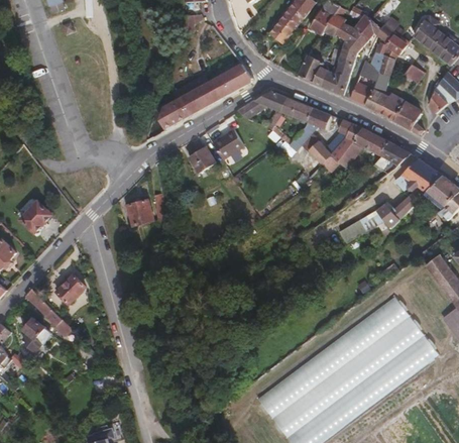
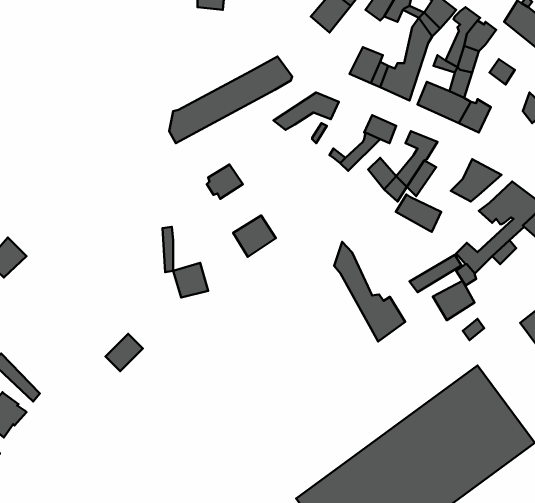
building: [281,97,313,120] -> none
building: [393,101,423,135] -> none
building: [354,127,388,155] -> [396,195,441,232]
building: [212,128,244,159] -> [233,215,276,257]
building: [127,198,153,224] -> [173,263,208,298]
building: none -> [334,242,405,341]
building: none -> [433,281,474,320]
building: [56,273,85,302] -> [106,334,143,371]

